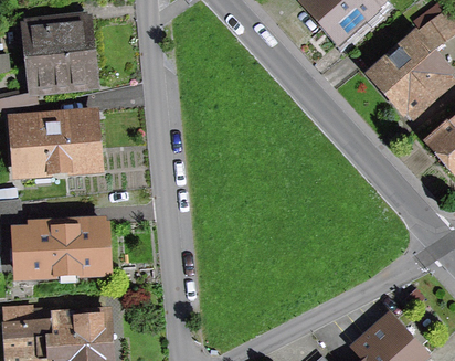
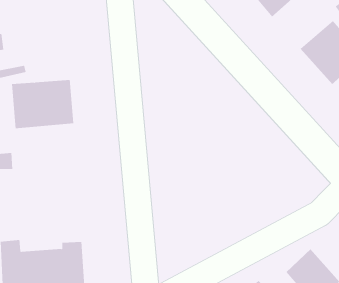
building: [28,22,87,86] -> none
building: [15,215,102,273] -> none

